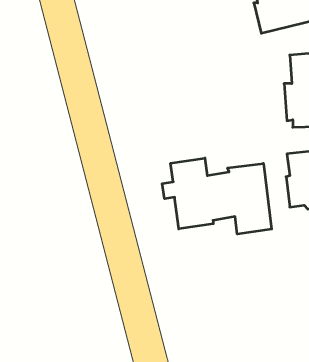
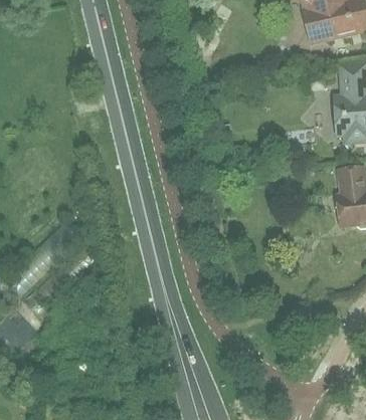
building: [162,158,272,234] -> none

